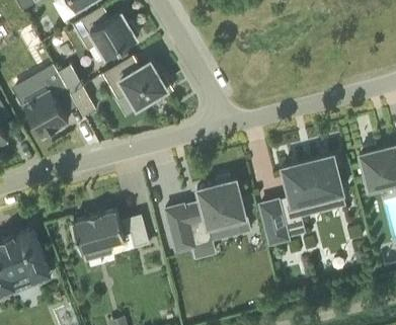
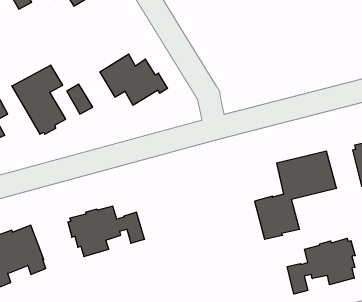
building: [73,7,139,60] -> none
building: [165,176,246,259] -> none
building: none -> [287,238,355,294]

